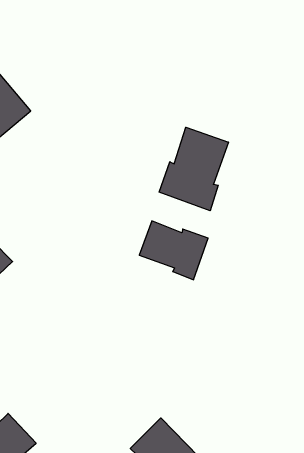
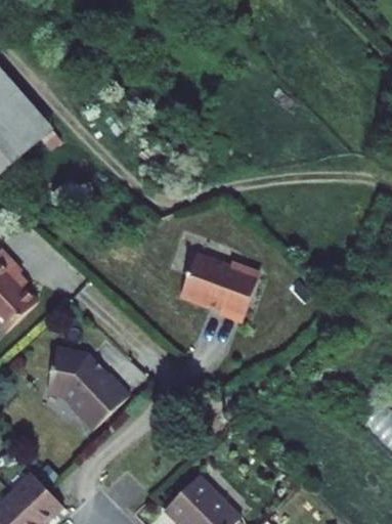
building: [159,127,228,211] -> none
building: none -> [43,349,125,427]

